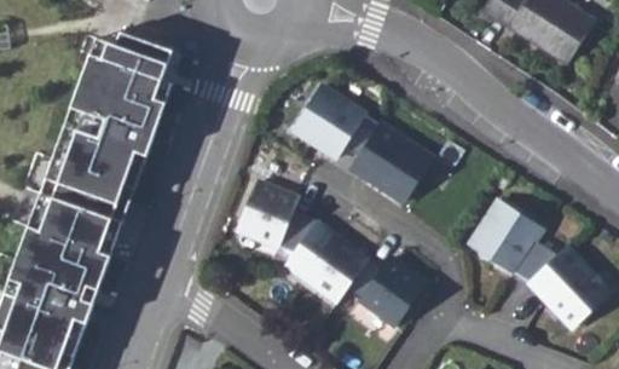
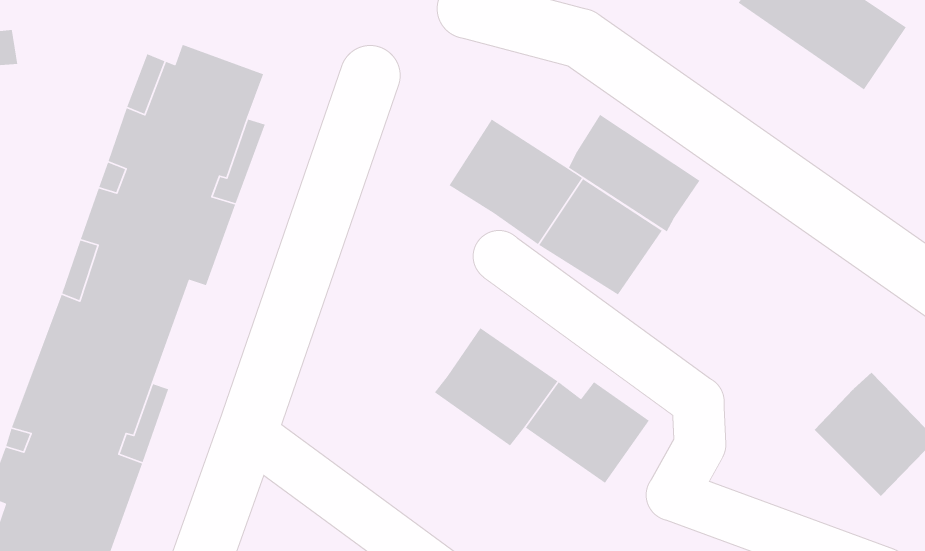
building: none -> [568,114,700,232]
building: [236,179,313,250] -> none
building: [468,201,555,286] -> none

